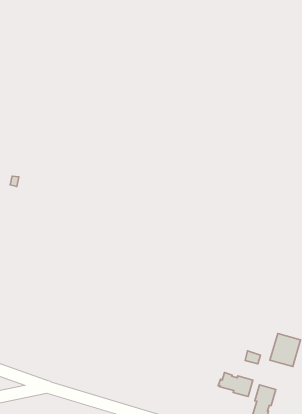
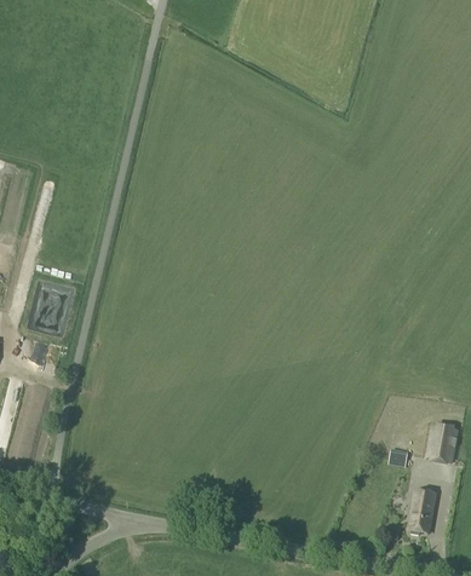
building: [218,373,253,397] -> none

